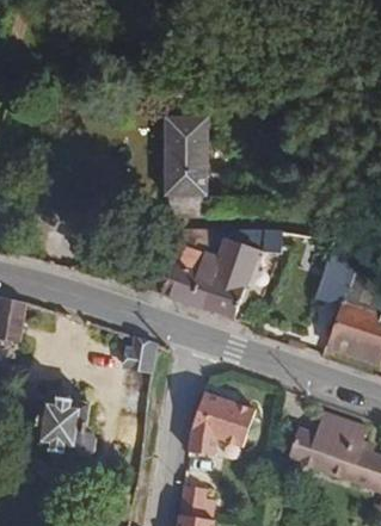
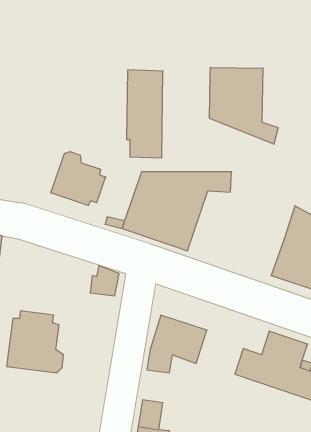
building: none -> [210,67,278,144]
building: none -> [51,151,105,206]
building: [318,245,354,307] -> none

